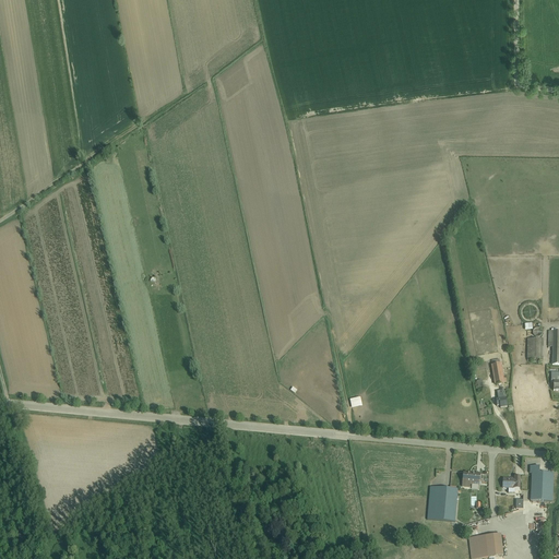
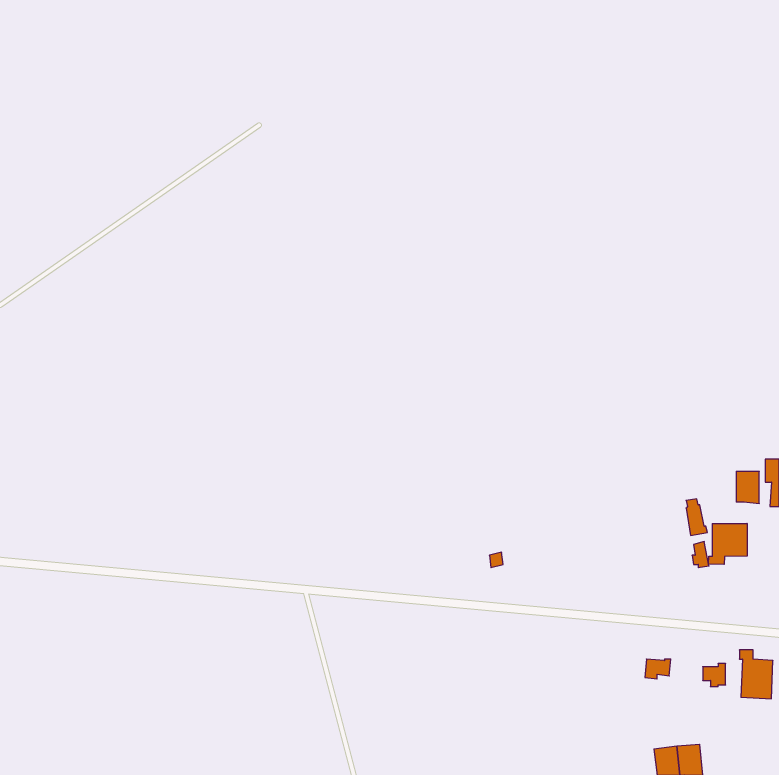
building: none -> [709,523,747,564]
building: [428,486,457,521] -> none

